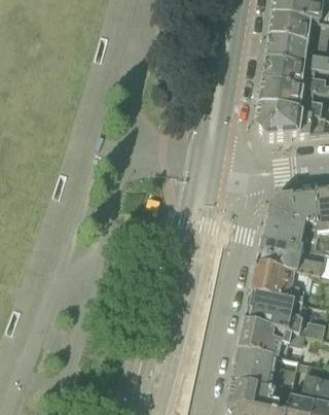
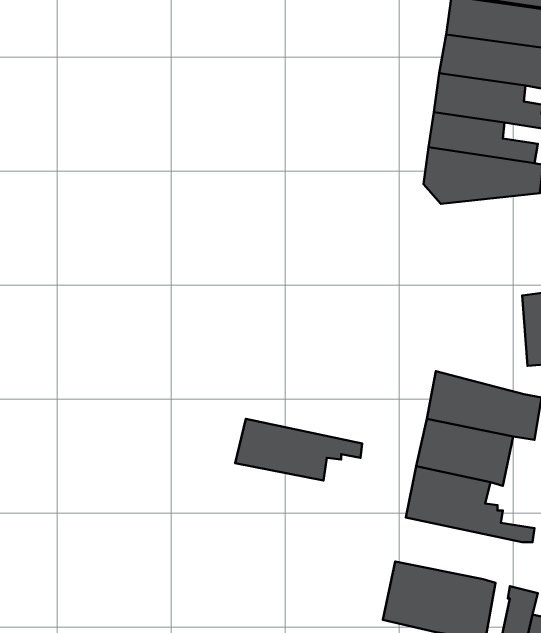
building: [262,192,316,249] -> none
building: [239,321,313,357] -> [235,419,362,481]

